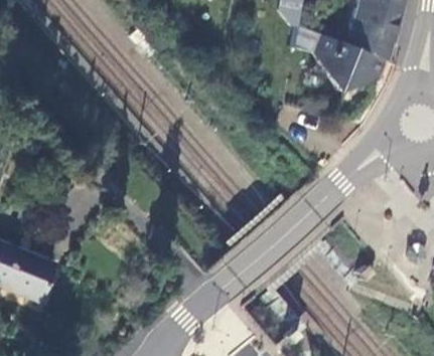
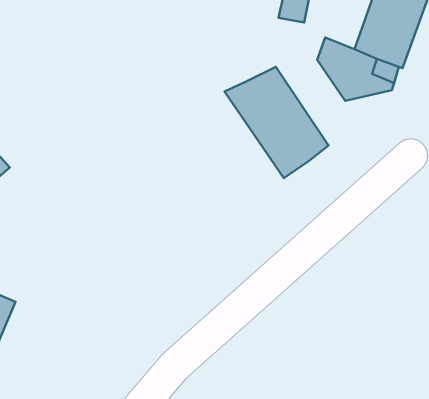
building: none -> [225,67,329,178]

